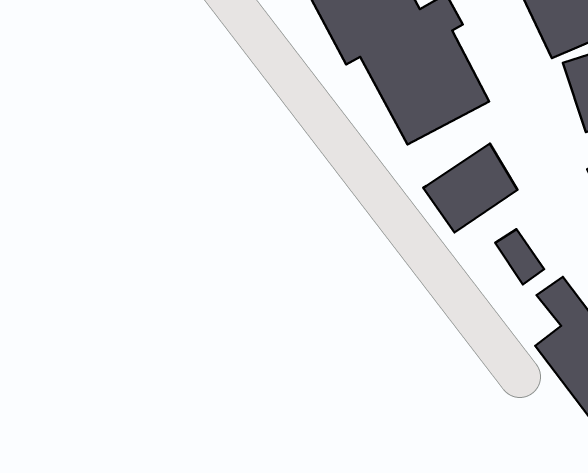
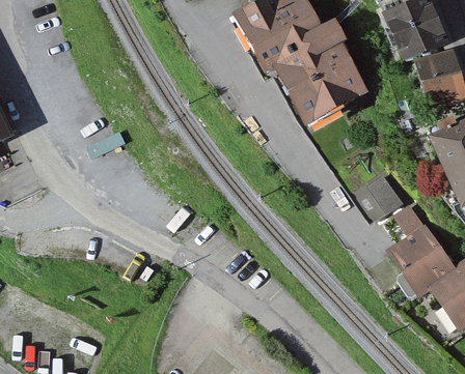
building: [423,143,518,232] -> none

